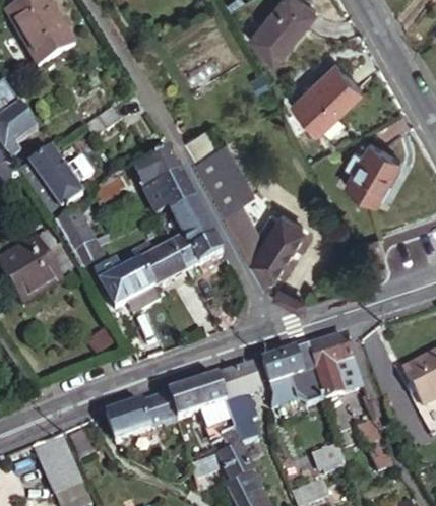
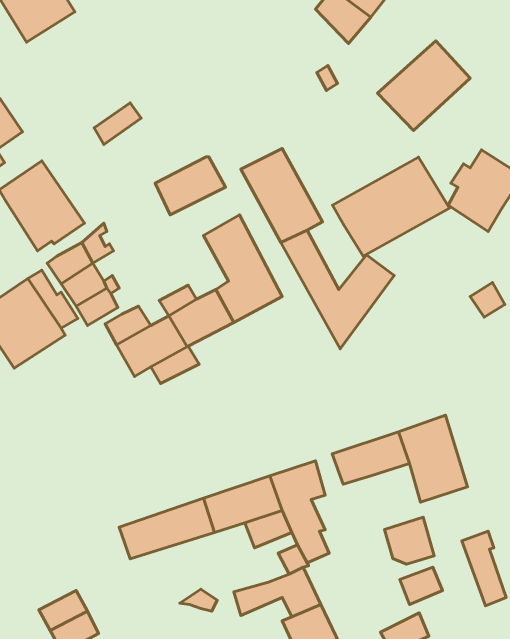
building: none -> [332,157,449,256]
building: [143,167,194,210] -> none
building: [291,370,327,404] -> [385,517,434,564]
building: [32,435,74,478] -> none

